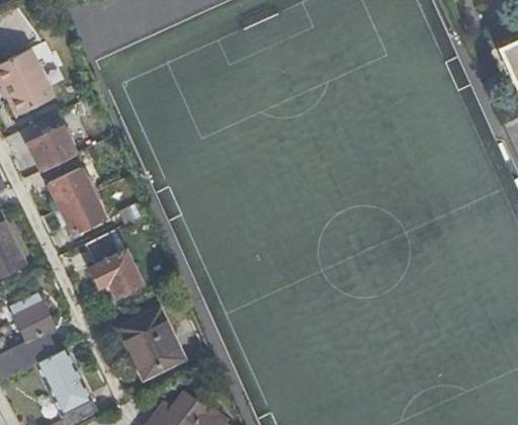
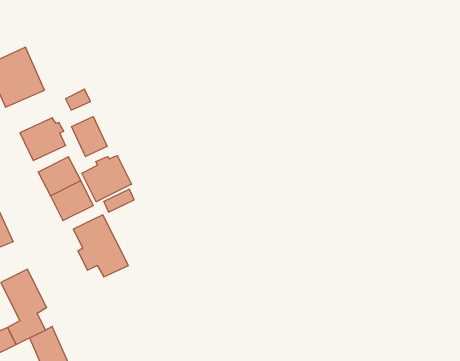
building: none -> [72,117,107,157]
building: none -> [82,156,132,202]
building: [120,313,181,378] -> none

